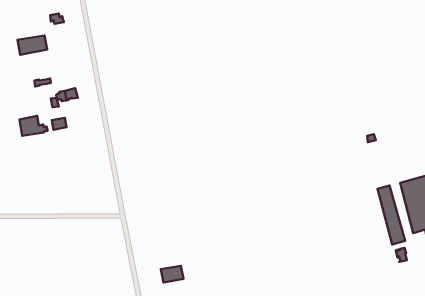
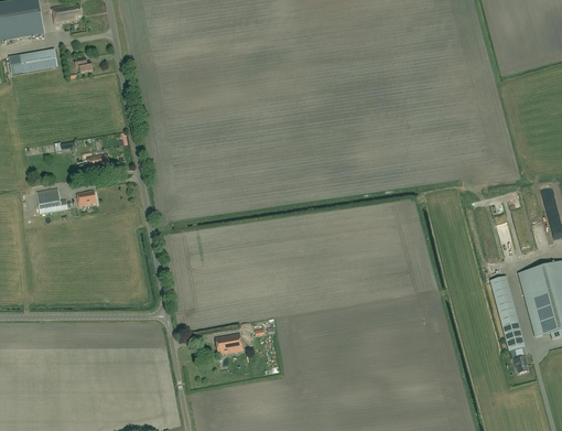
building: [18,36,47,55] -> [20,49,57,73]
building: [161,266,184,282] -> [215,333,244,354]

